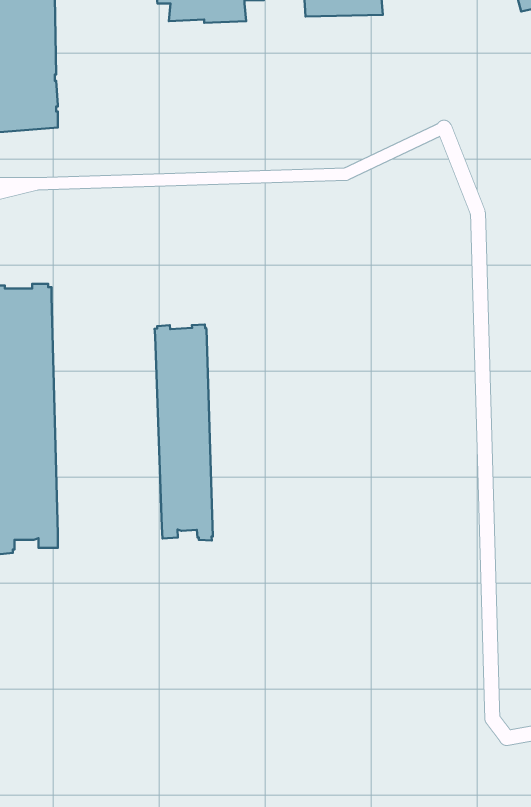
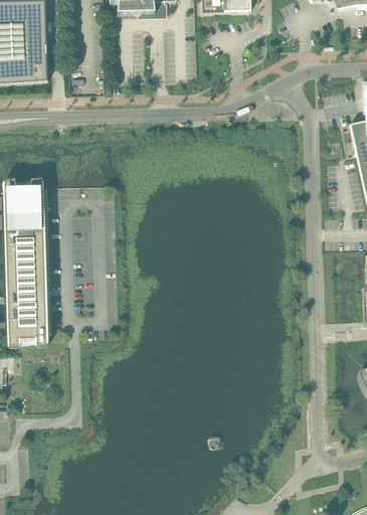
building: [155,324,213,540] -> none

